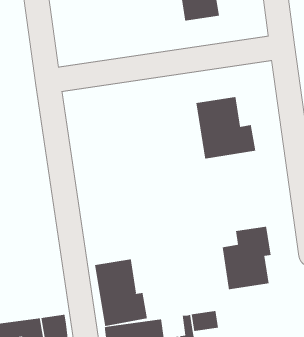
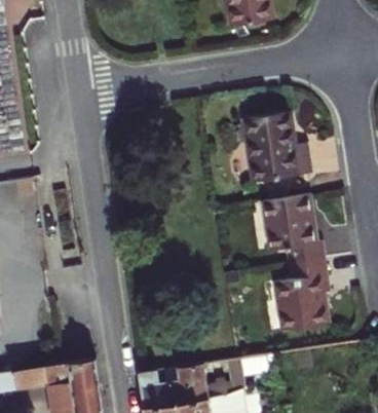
building: none -> [262,195,325,264]
building: [95,259,148,327] -> none

